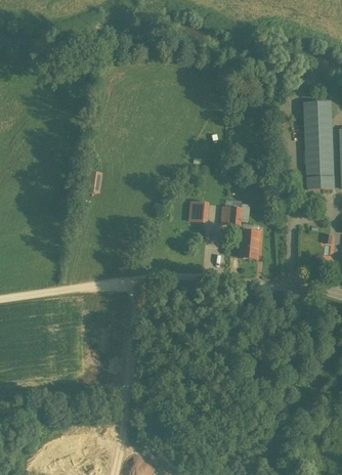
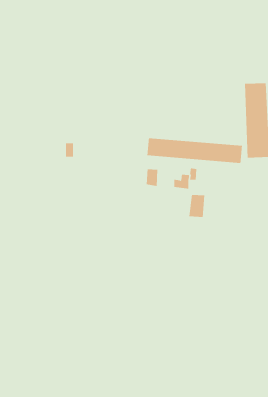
building: none -> [147,138,242,164]

